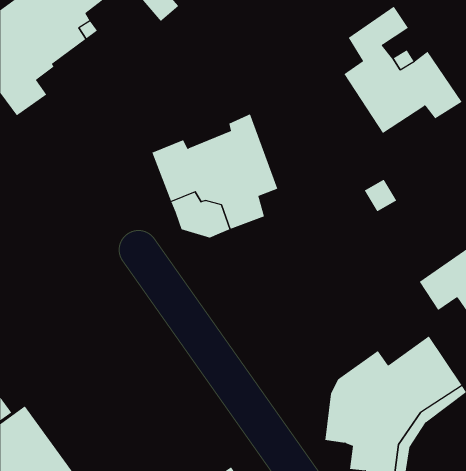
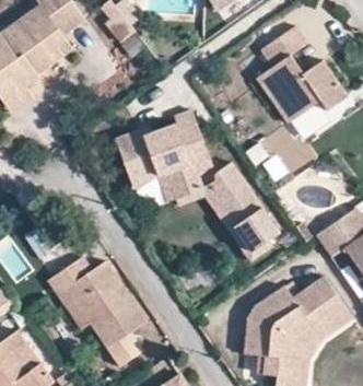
building: none -> [210,165,277,250]
building: none -> [51,254,147,347]

